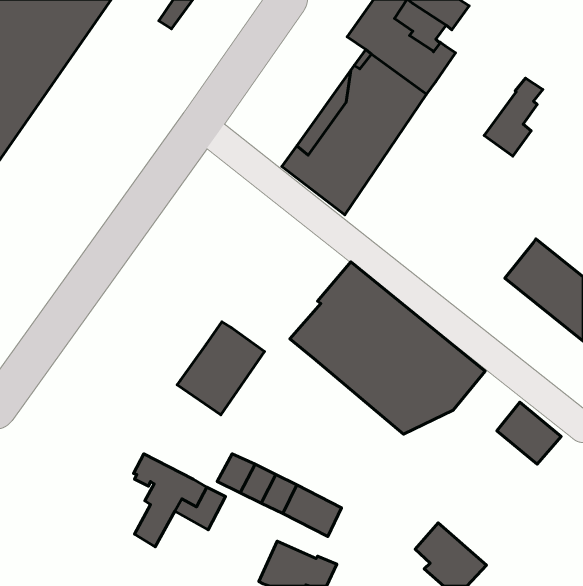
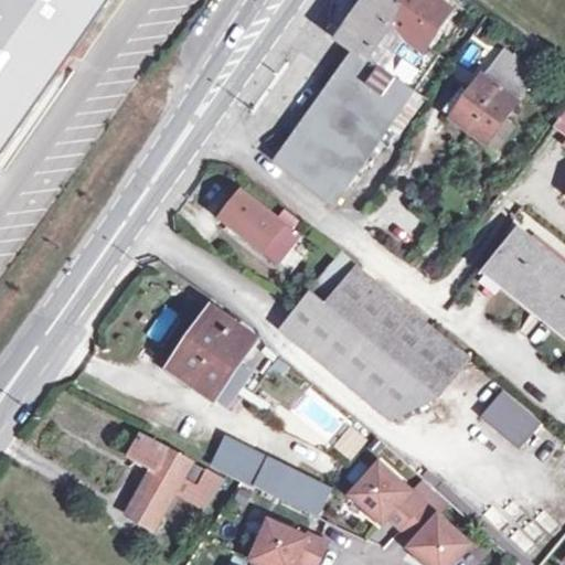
building: none -> [438,51,531,130]
building: none -> [218,190,297,262]
building: none -> [349,462,420,527]

